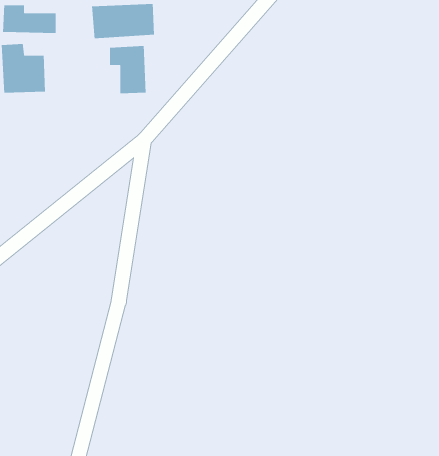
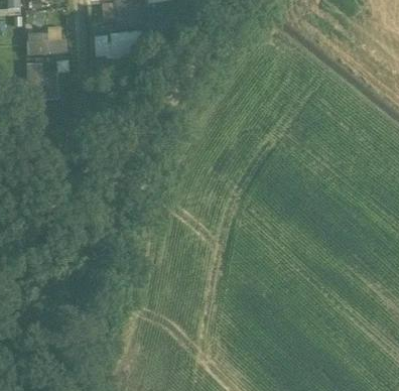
building: [109,45,147,94] -> none

